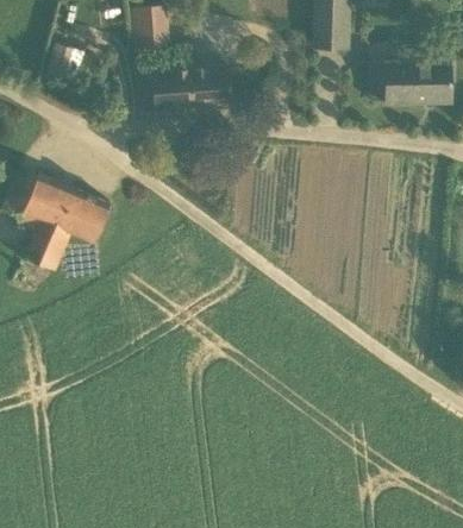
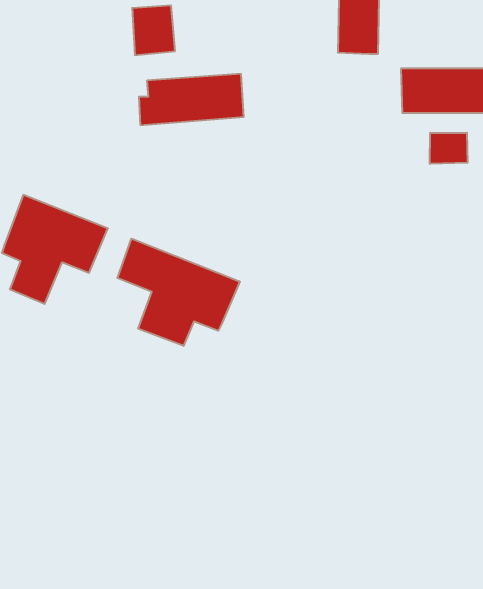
building: none -> [430,133,468,164]
building: none -> [117,239,240,346]

